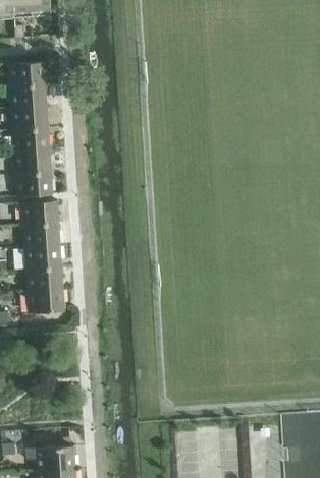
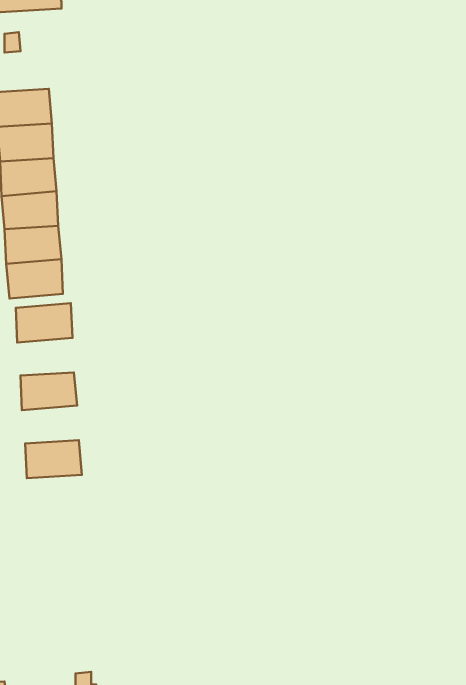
building: [23,222,60,246] -> none
building: [26,265,63,290] -> none

